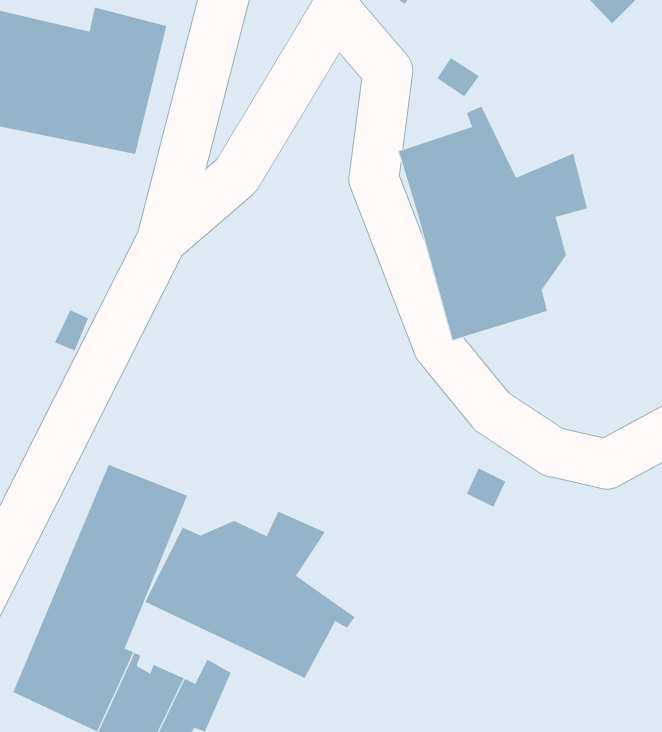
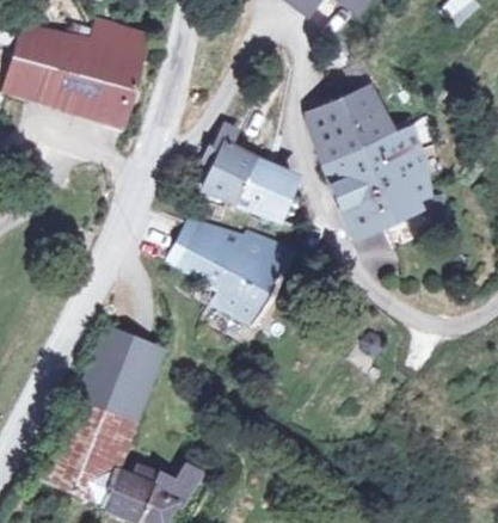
building: none -> [203,127,295,223]
building: none -> [184,229,291,316]
building: [144,511,355,679] -> none

